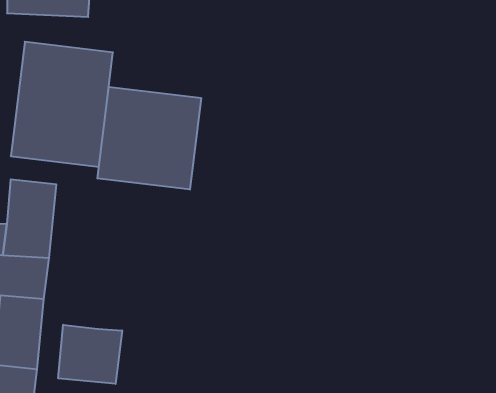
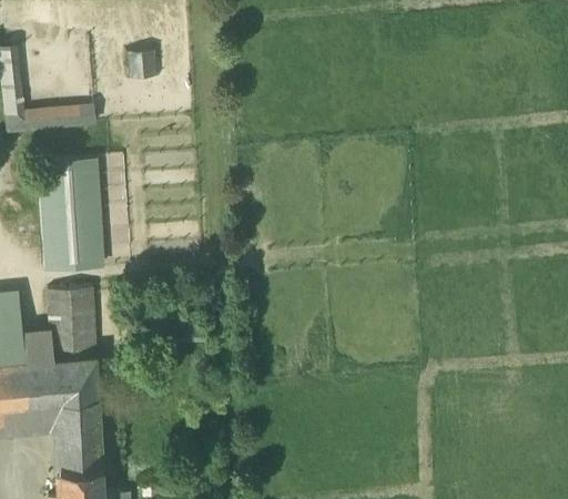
building: [98,87,201,190] -> none
building: [58,325,122,384] -> none

